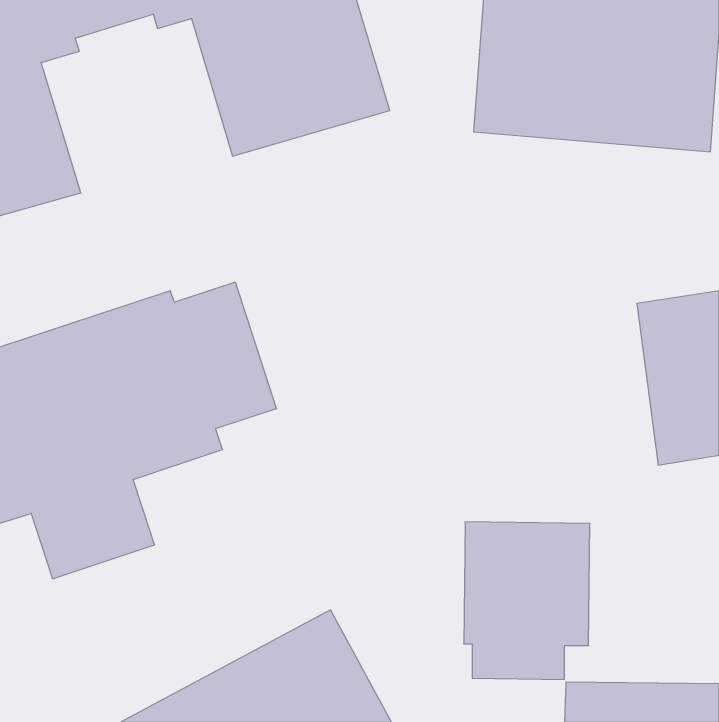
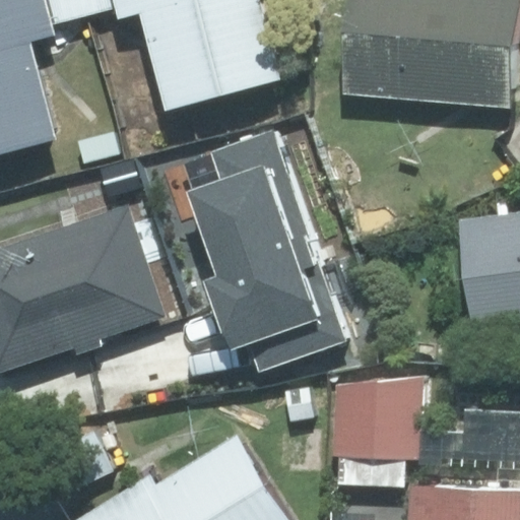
building: none -> [192,134,347,369]

